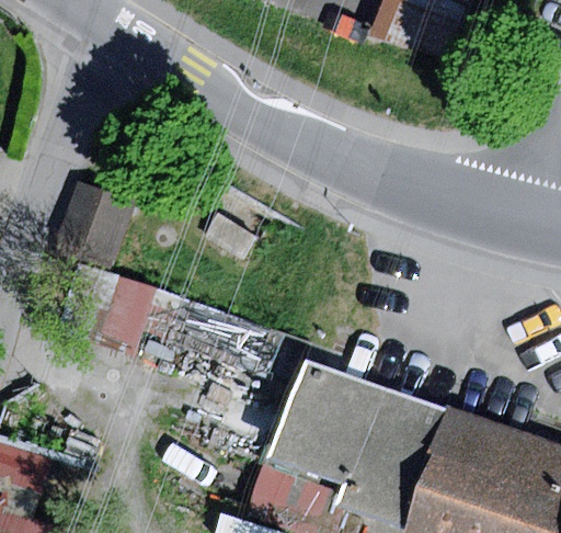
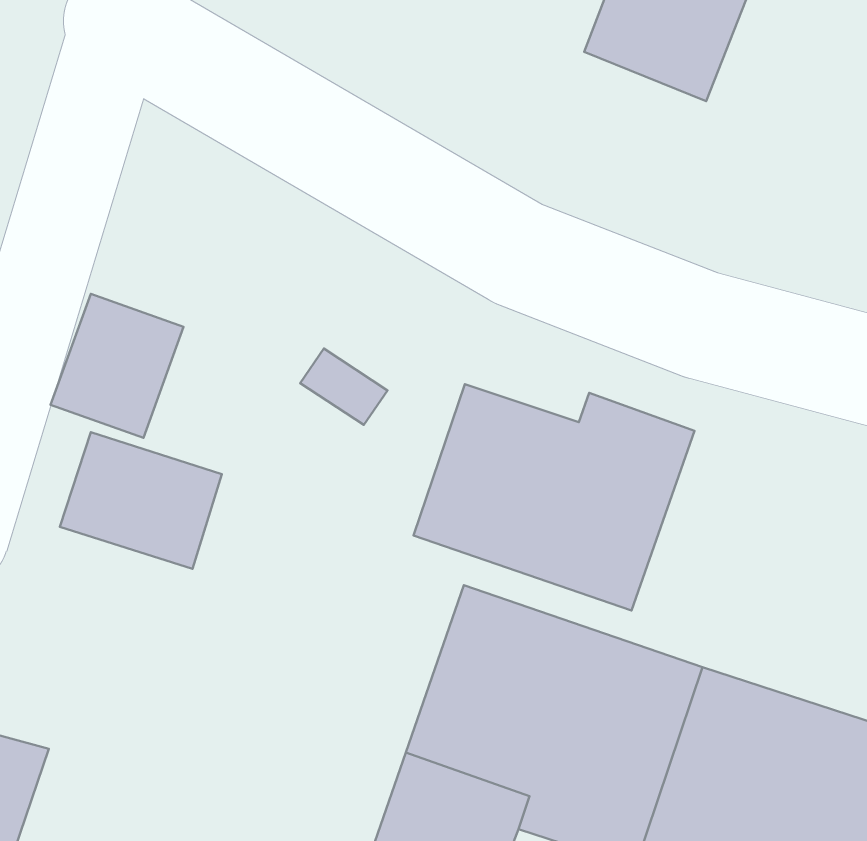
building: none -> [414,384,695,611]

